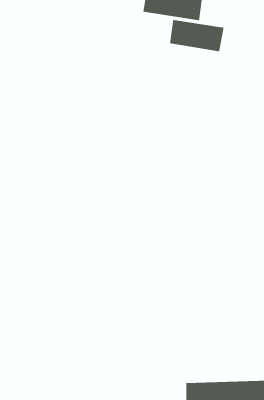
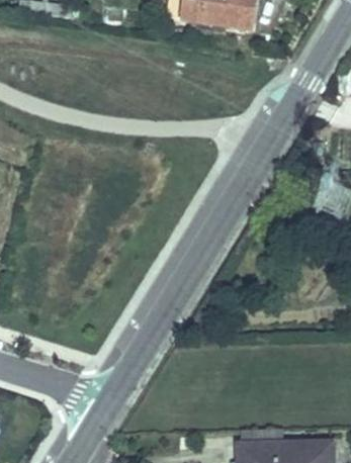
building: [169,19,224,52] -> none

